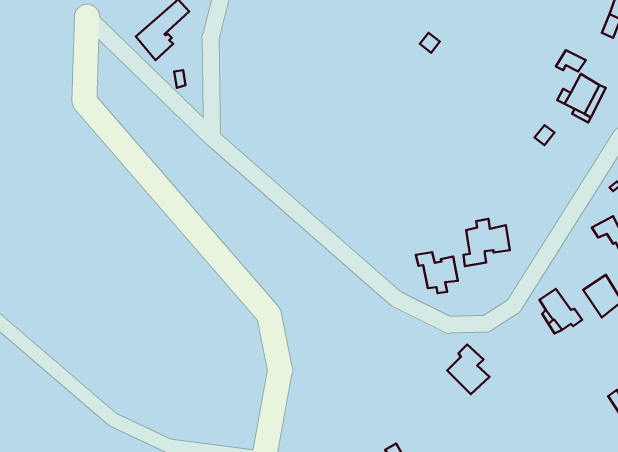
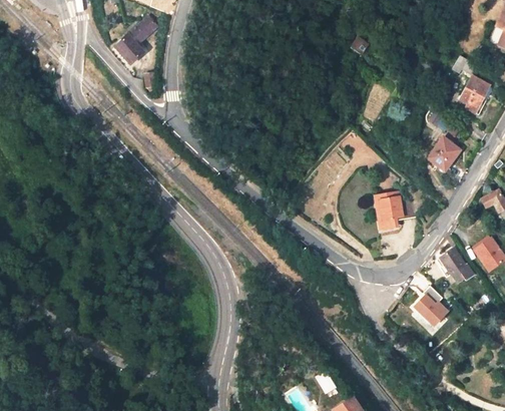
building: none -> [427,137,459,169]
building: [416,252,458,293] -> none
building: [447,344,490,394] -> [414,285,448,325]

